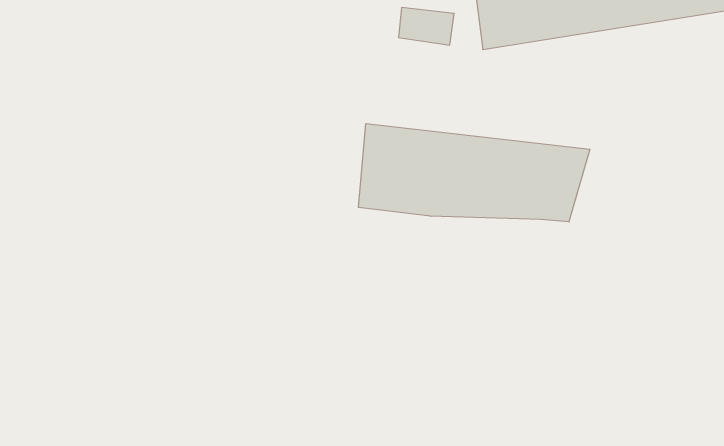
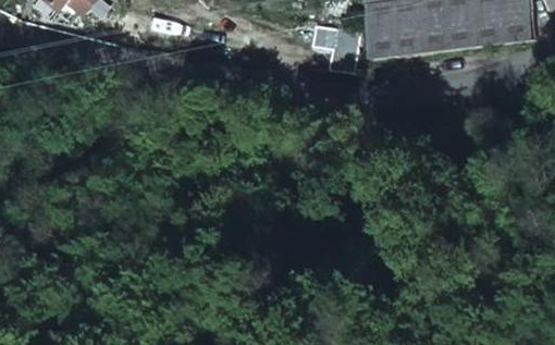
building: [358,124,590,222] -> none

